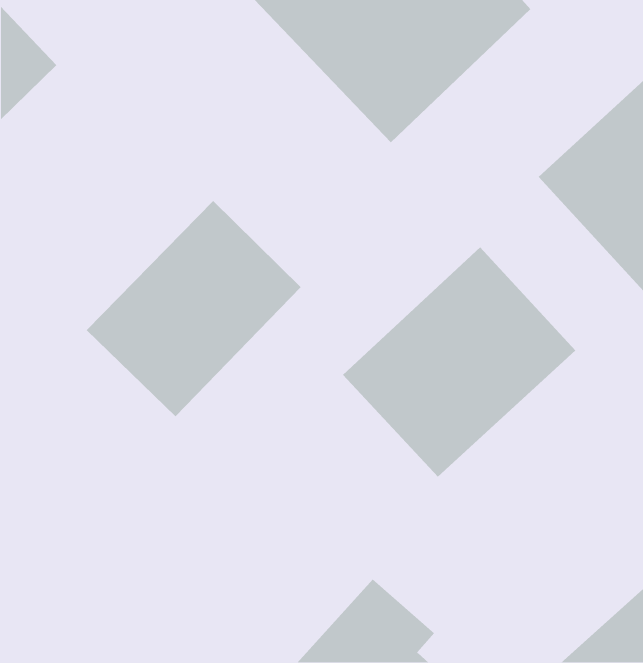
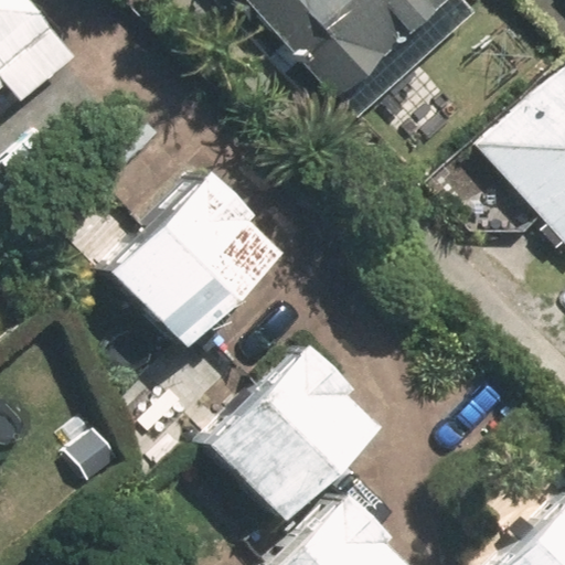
building: [342,246,576,478] -> none
building: none -> [171,345,373,526]

